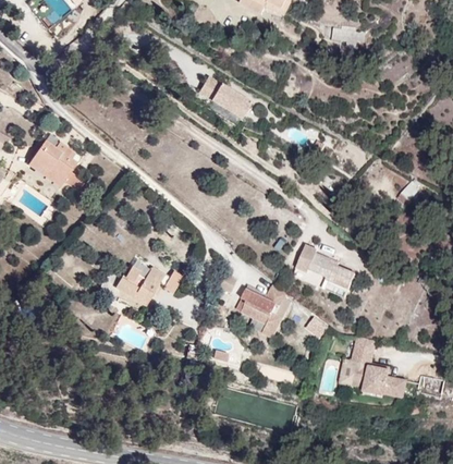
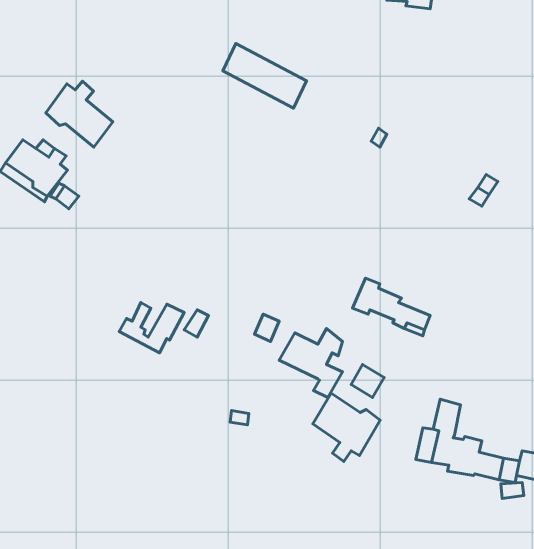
building: none -> [46,81,113,147]
building: none -> [313,393,380,462]

